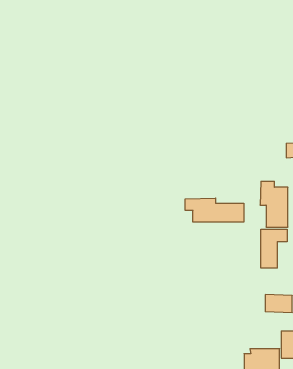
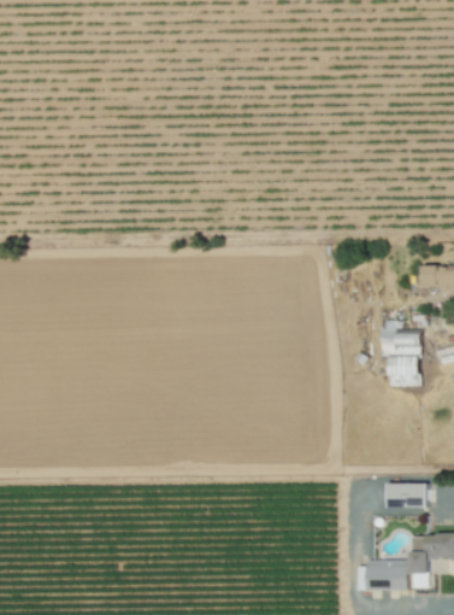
building: [185,198,244,222] -> none
building: [261,229,287,268] -> none

